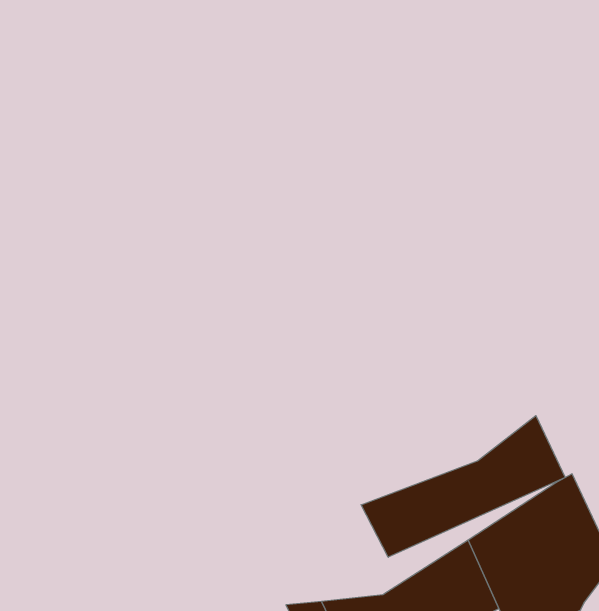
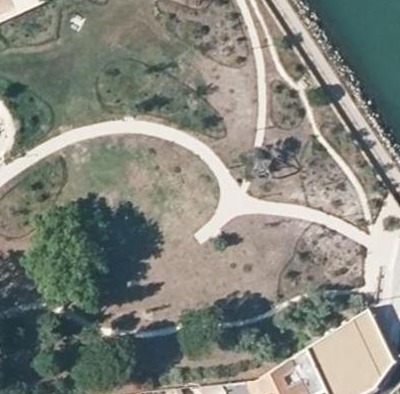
building: [361,416,565,557] -> none

